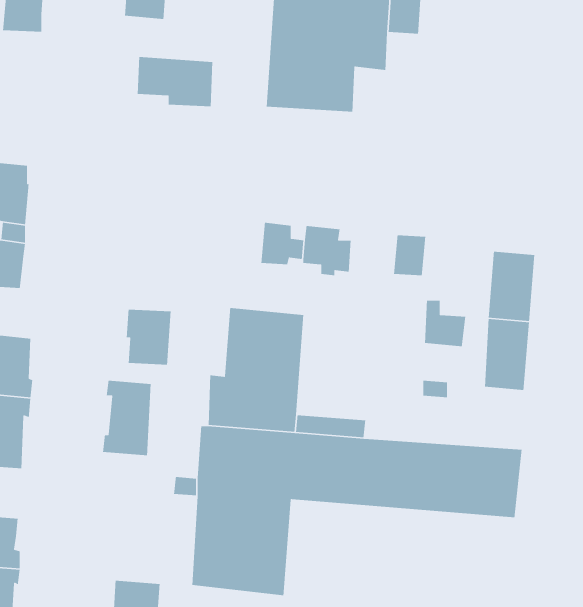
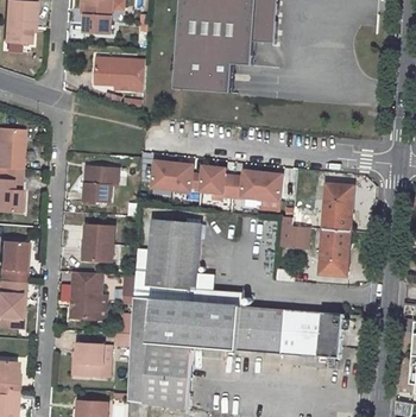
building: none -> [82,163,113,201]
building: none -> [152,164,175,192]
building: none -> [231,171,261,200]
building: none -> [74,341,103,374]

